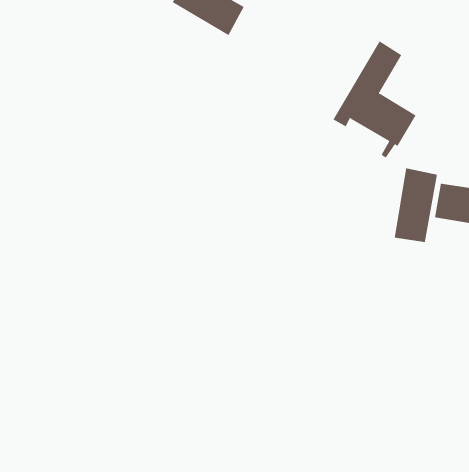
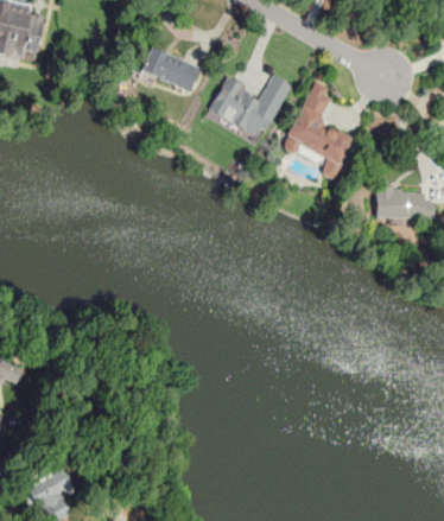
building: none -> [210,76,288,138]
building: [394,167,438,243] -> none

